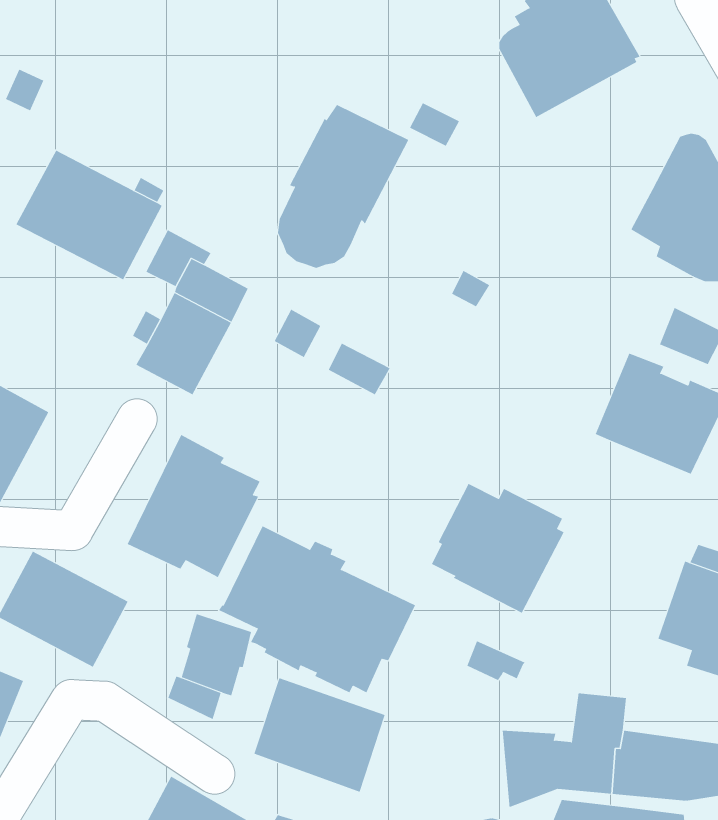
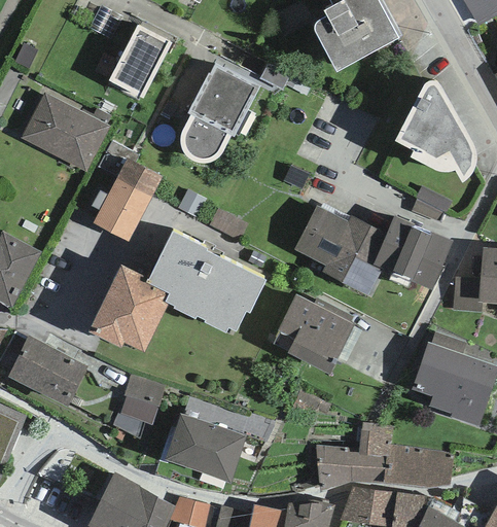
building: none -> [108,24,171,98]
building: none -> [293,205,386,295]
building: [218,526,416,693] -> [145,231,265,332]

